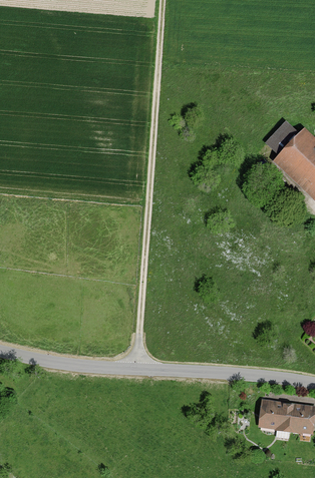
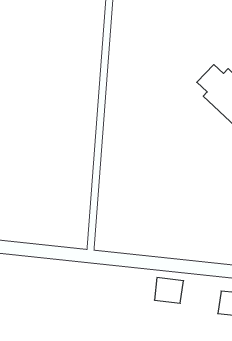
building: [260,399,296,431] -> [154,278,184,303]

